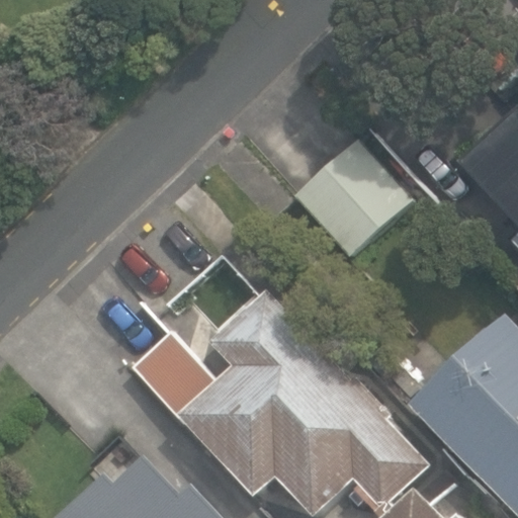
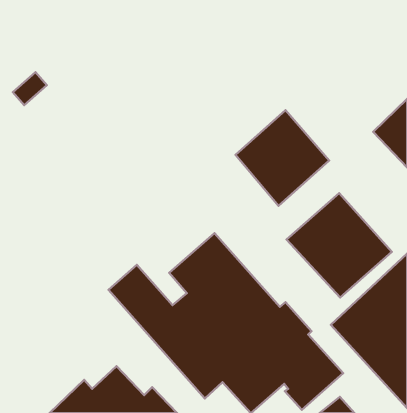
building: none -> [287,193,392,298]

